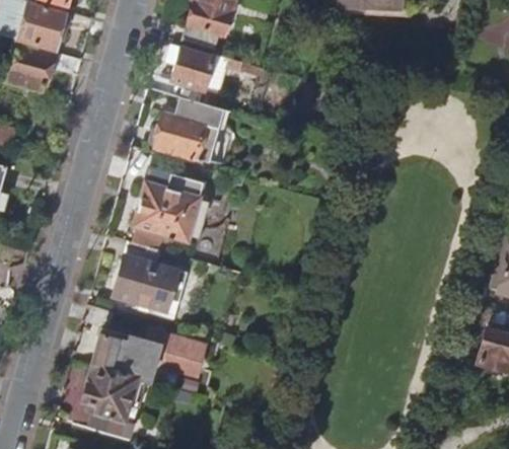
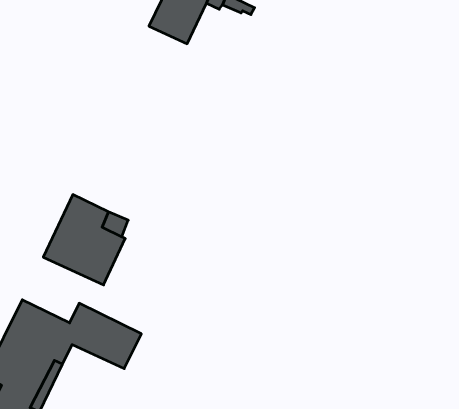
building: [154,110,216,160] -> none
building: [133,167,205,241] -> none

